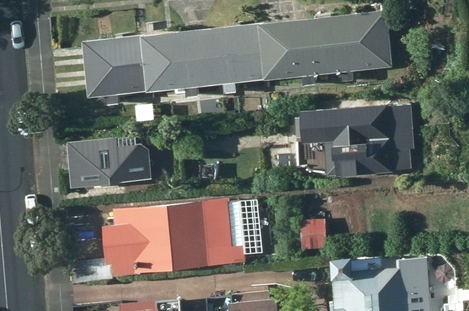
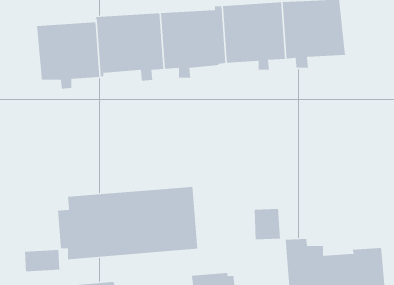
building: [300,104,413,176] -> none
building: [67,136,149,186] -> none

